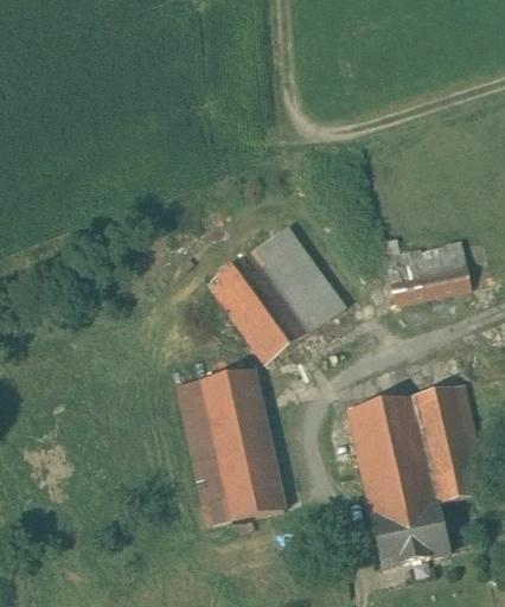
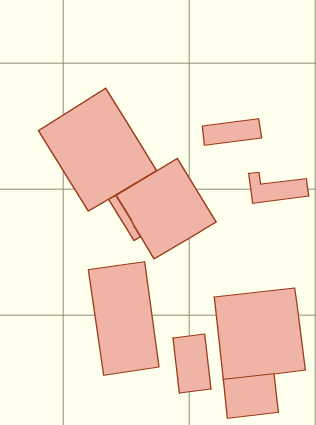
building: none -> [38,88,157,211]
building: [392,262,473,302] -> [202,119,262,145]
building: none -> [173,334,211,393]

